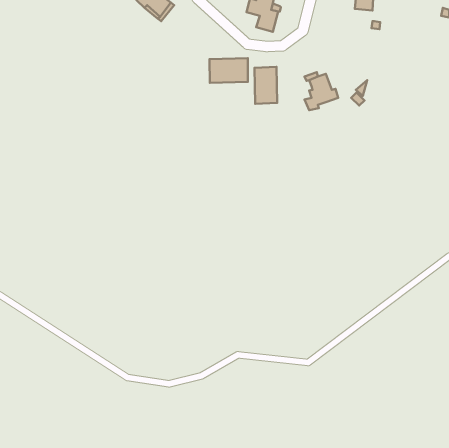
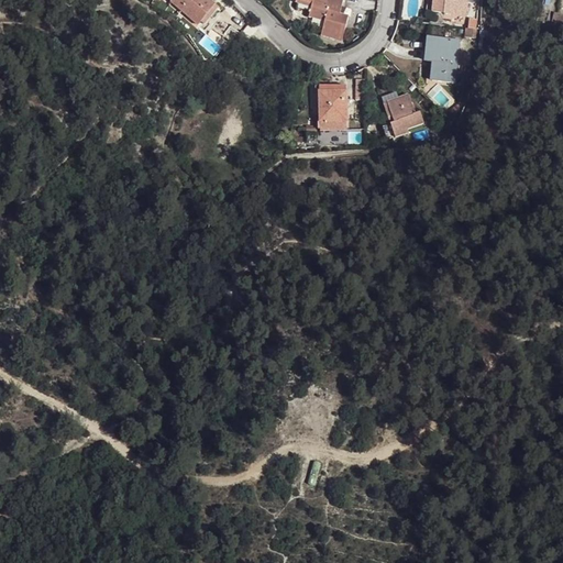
building: none -> [428,36,459,81]
building: [210,58,248,83] -> none

